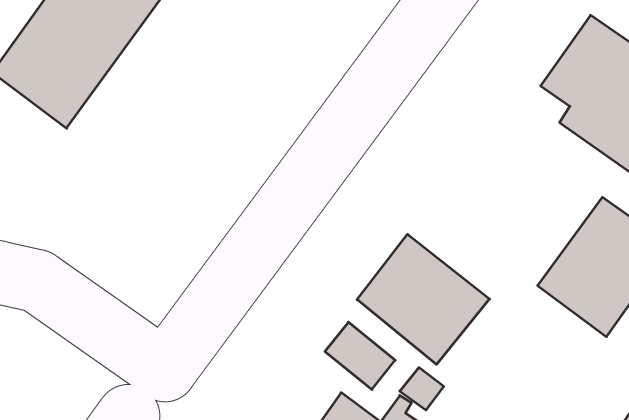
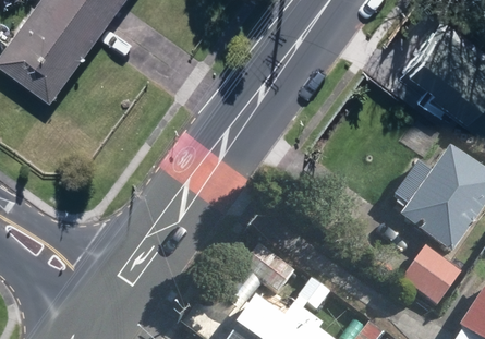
building: [357,234,490,364] -> none
building: none -> [403,245,462,304]

